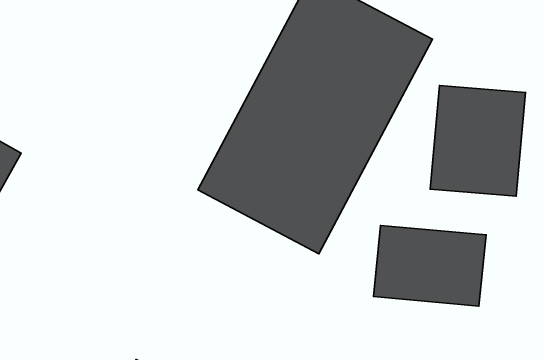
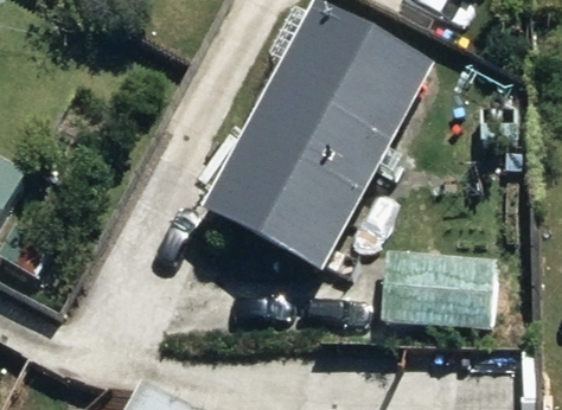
building: [430,86,526,196] -> none

